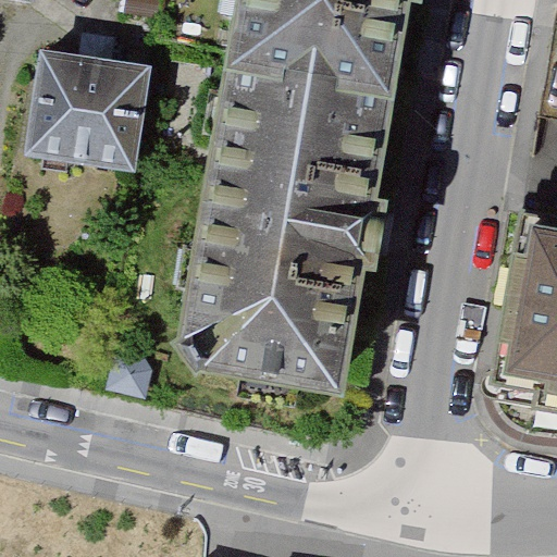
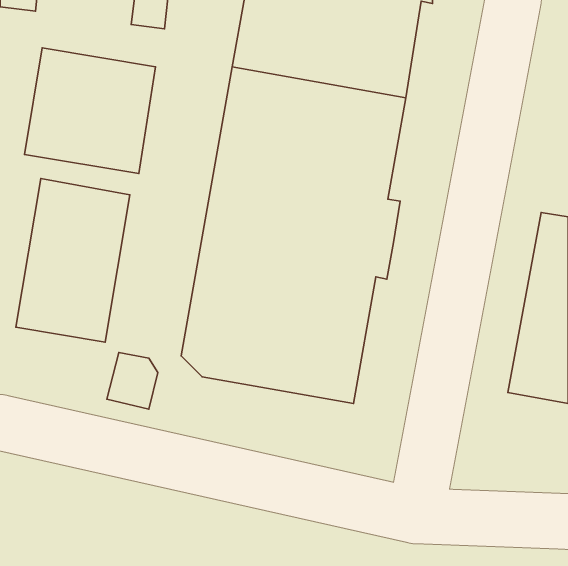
building: none -> [16,179,130,342]

